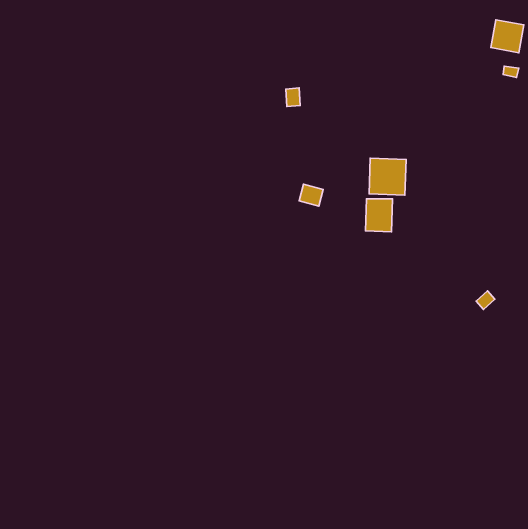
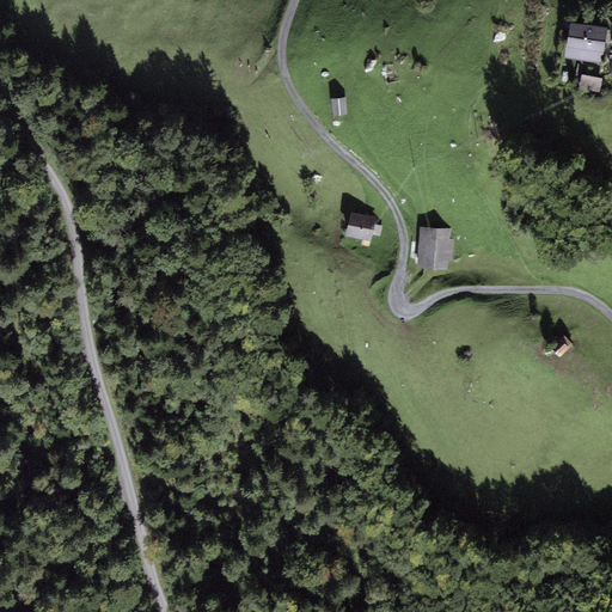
building: [369,158,406,195] -> none

